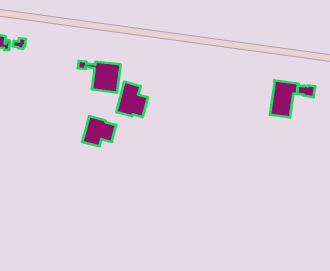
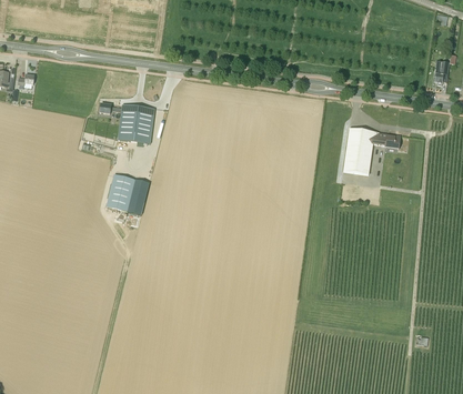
building: [117,82,148,117] -> none

